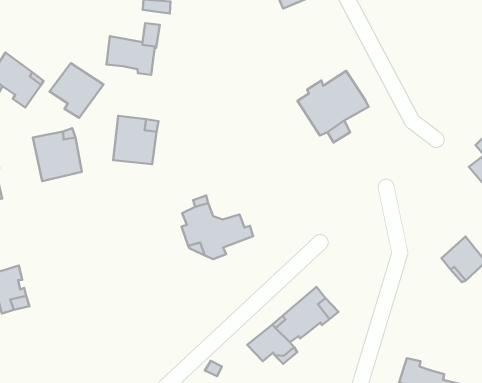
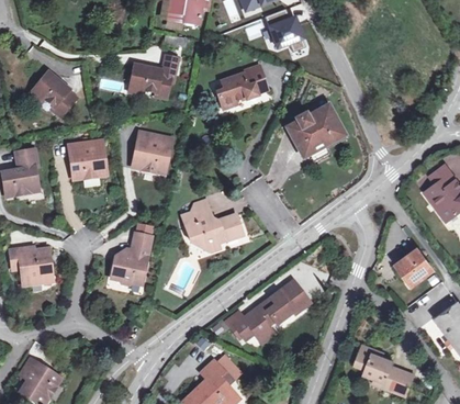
building: none -> [216,66,263,109]
building: [50,63,104,118] -> none
building: none -> [111,232,152,284]

